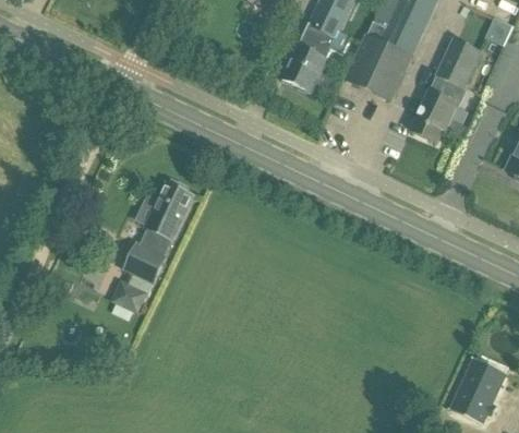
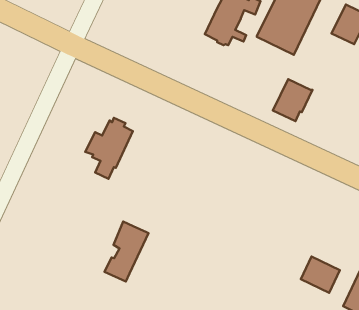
building: [410,92,458,143] -> [273,79,312,121]
building: [114,238,168,311] -> [104,222,148,282]
building: none -> [301,257,340,293]

